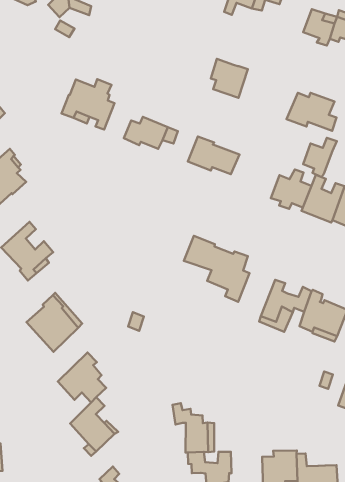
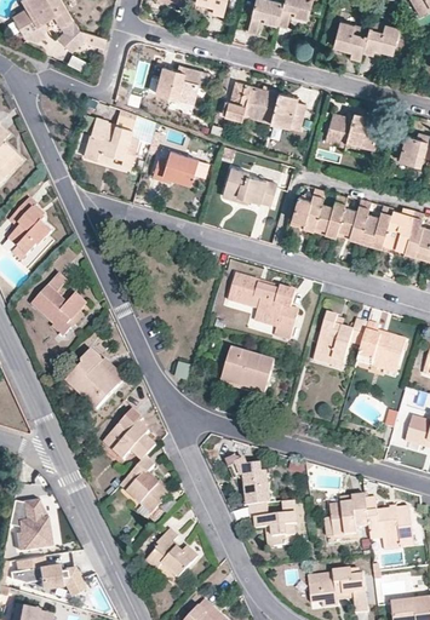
building: none -> [155,65,208,103]
building: none -> [270,91,305,130]
building: [303,138,337,177] -> [291,188,325,230]
building: none -> [220,348,274,394]

